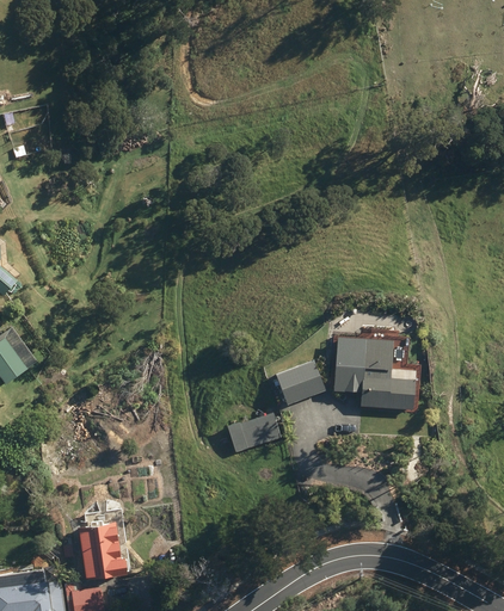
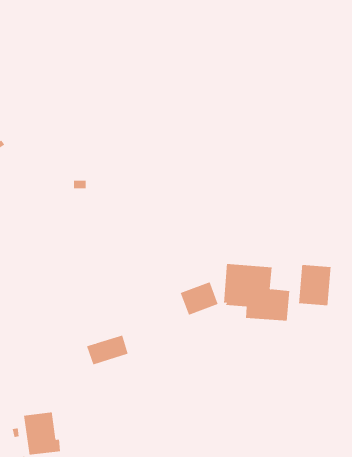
building: none -> [298,264,331,306]
building: [228,413,282,451] -> [86,335,129,365]

